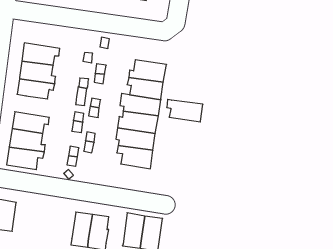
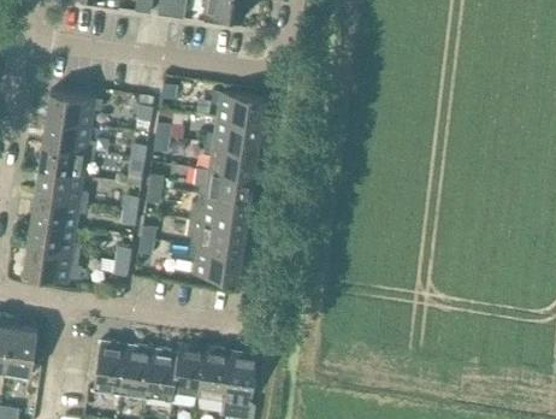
building: none -> [34,169,87,203]
building: [167,99,203,122] -> [211,90,265,124]
building: none -> [91,342,125,395]
building: none -> [171,343,202,396]

